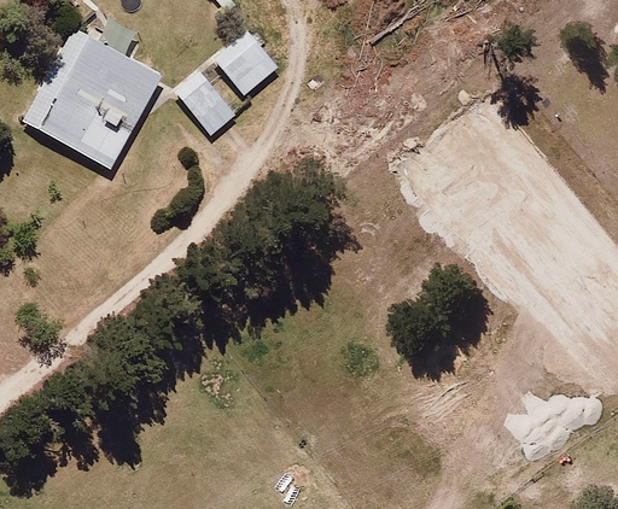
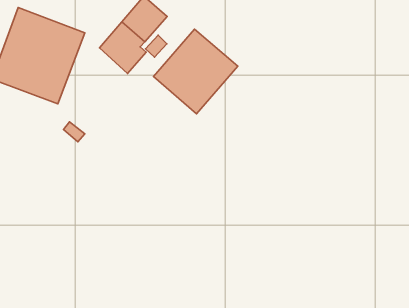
building: none -> [154,29,238,114]

